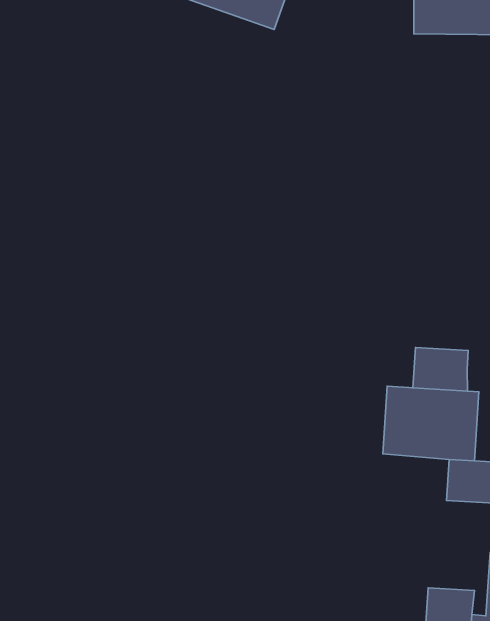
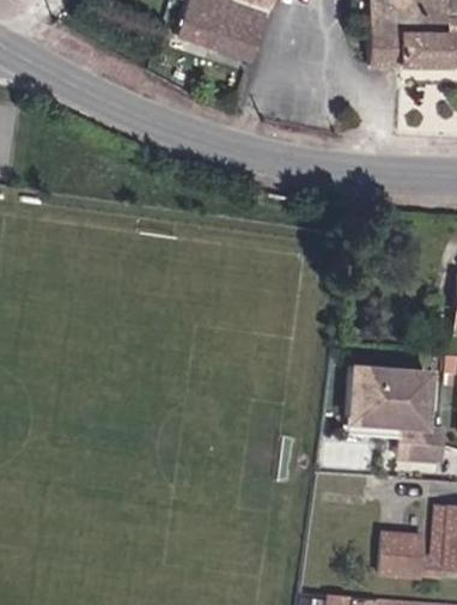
building: [413,347,468,391] -> none

